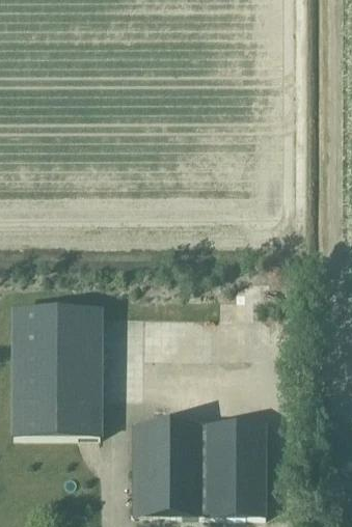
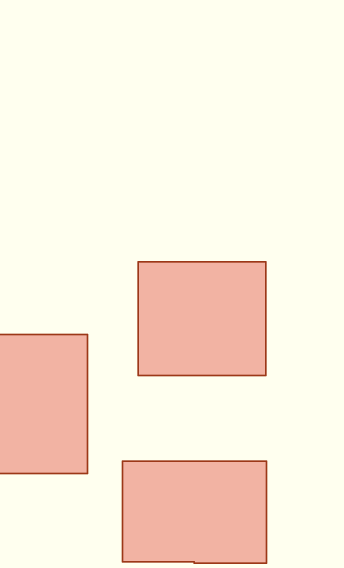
building: none -> [138,262,266,375]

